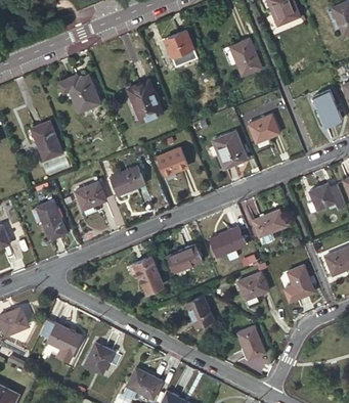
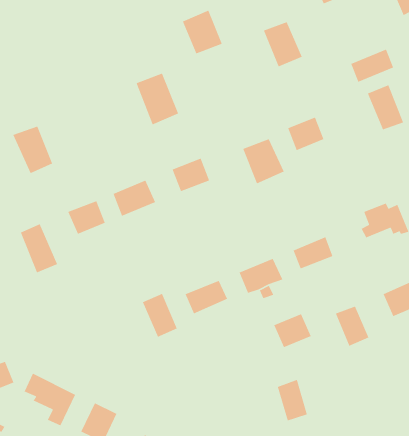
building: none -> [350,49,394,83]
building: [58,74,101,113] -> none
building: [190,294,217,324] -> none

